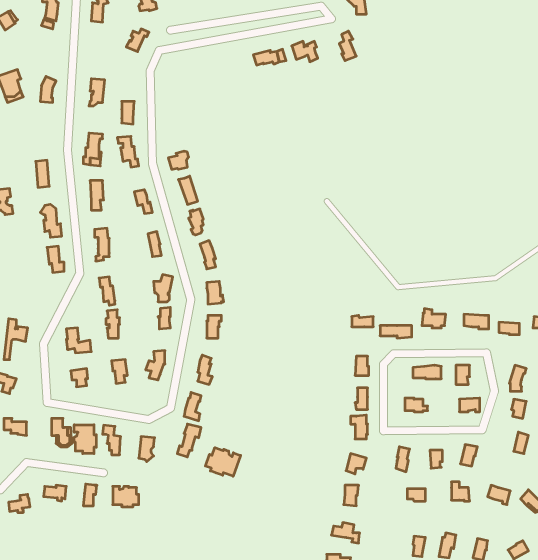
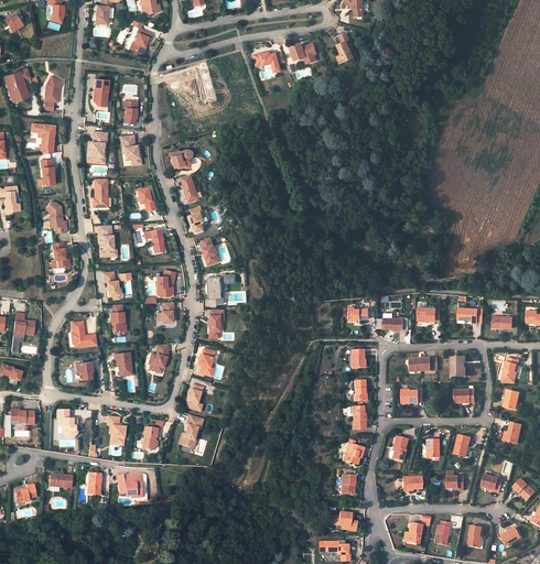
building: none -> [32,123,55,154]
building: [74,425,96,454] -> none
building: [205,448,241,476] -> none

